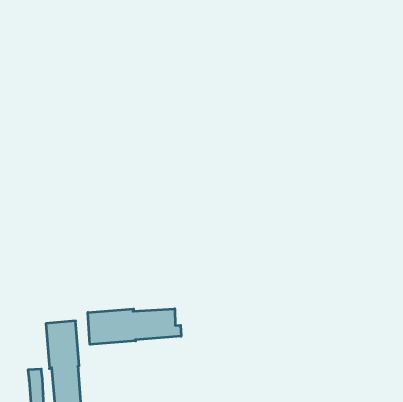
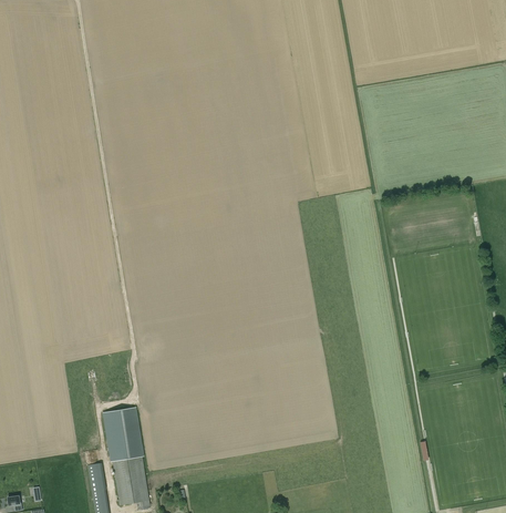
building: [88,309,181,344] -> none

